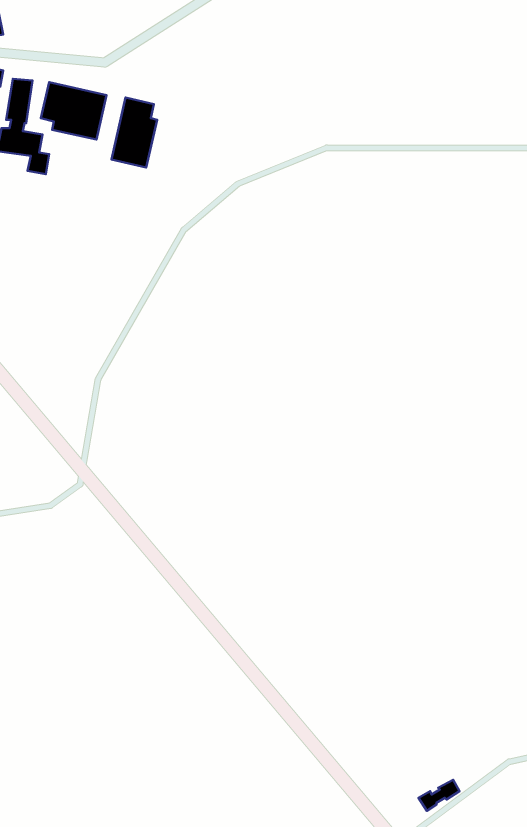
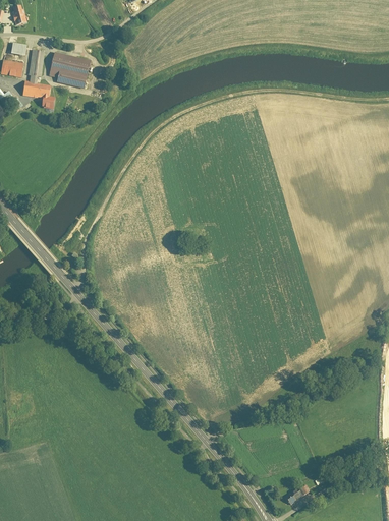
building: [111,98,157,168] -> none

